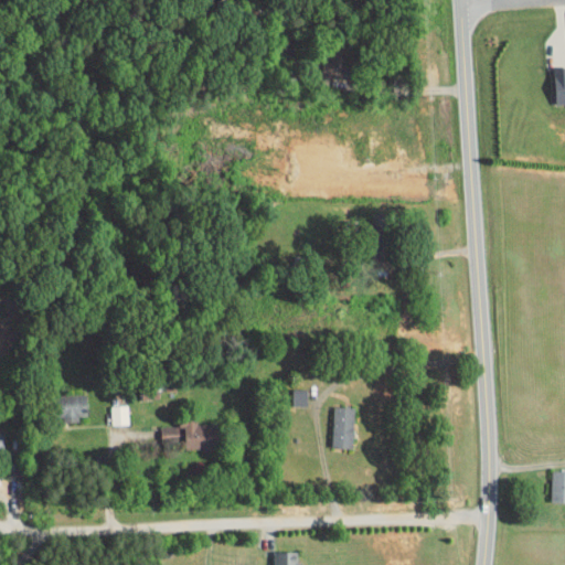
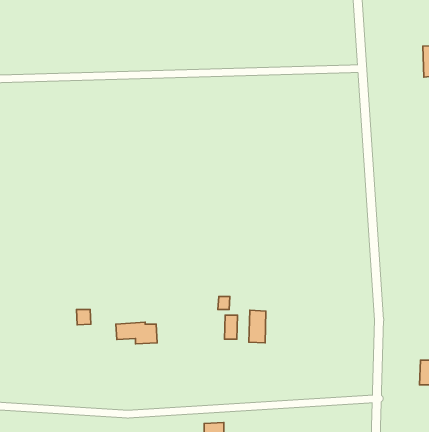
building: [61,395,88,423] -> none
building: none -> [224,315,238,339]

